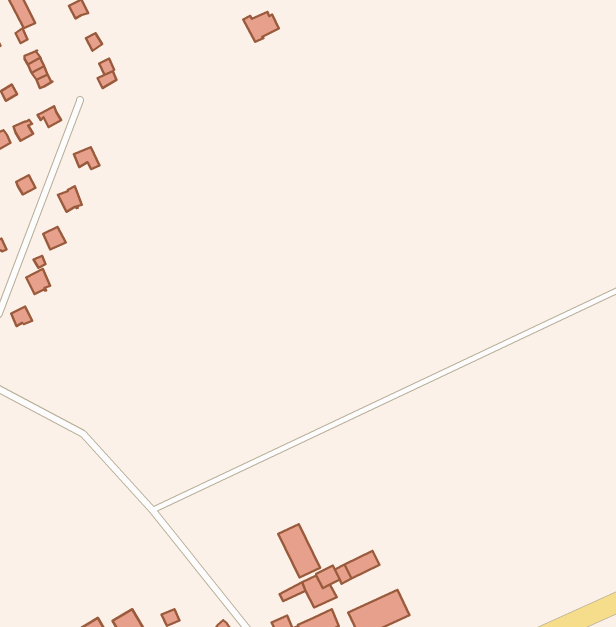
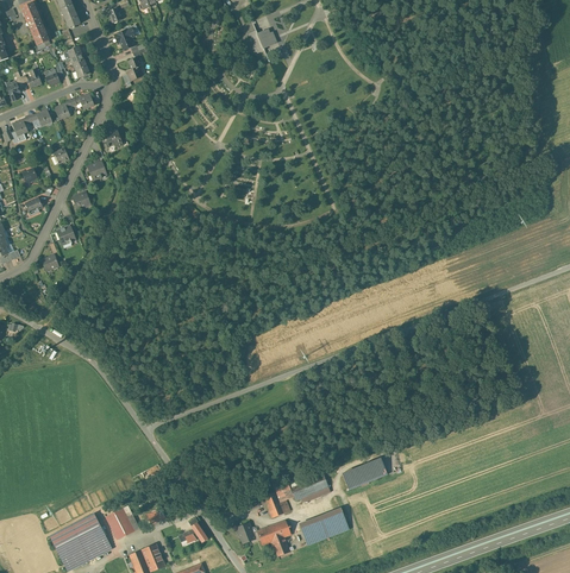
building: none -> [342,456,388,490]
building: [278,524,320,578] -> none

